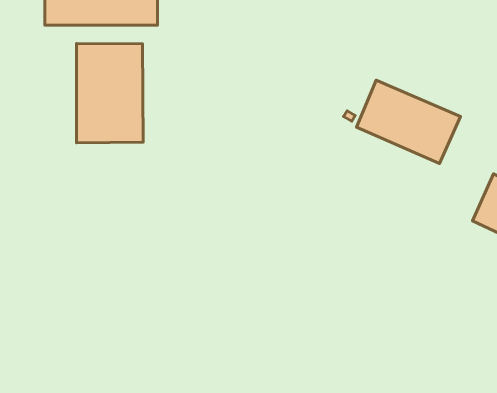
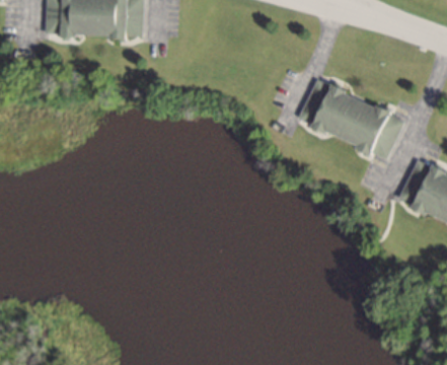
building: [77,44,143,143] -> none

